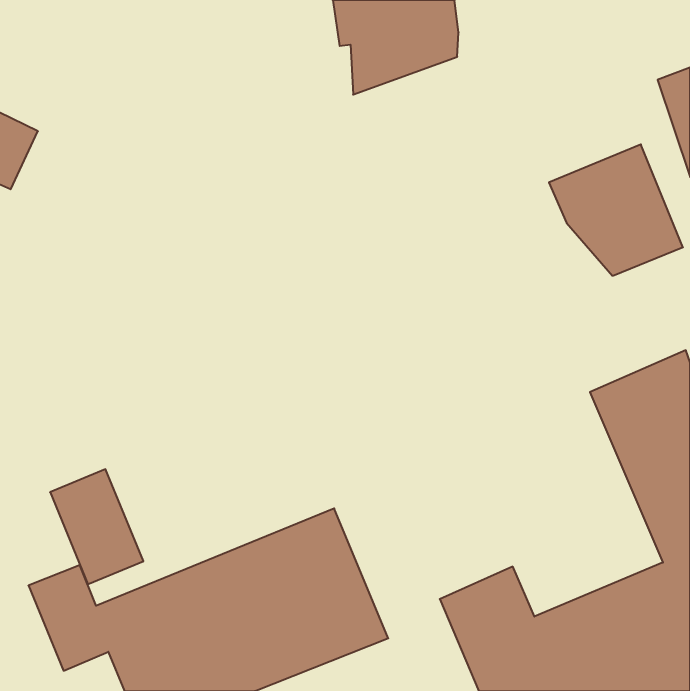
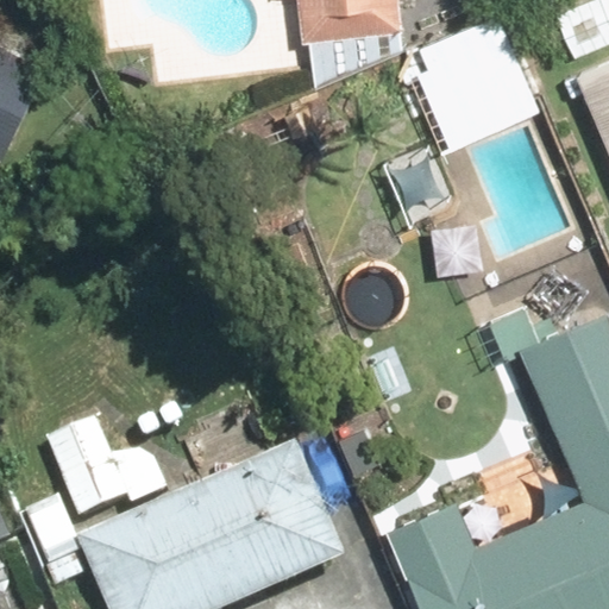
building: [549,144,683,276] -> [420,11,538,126]

